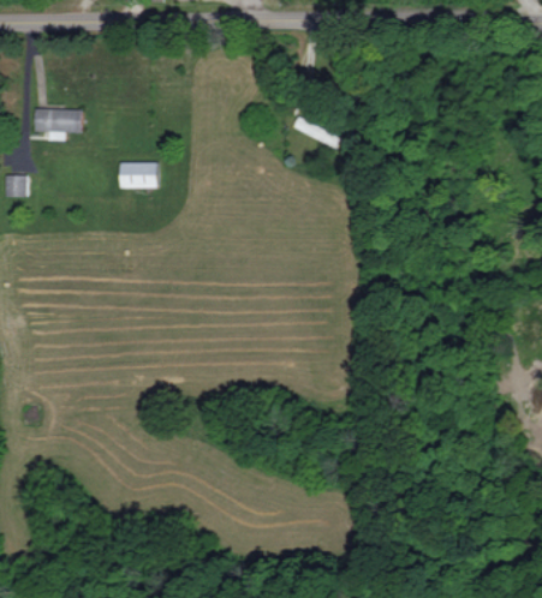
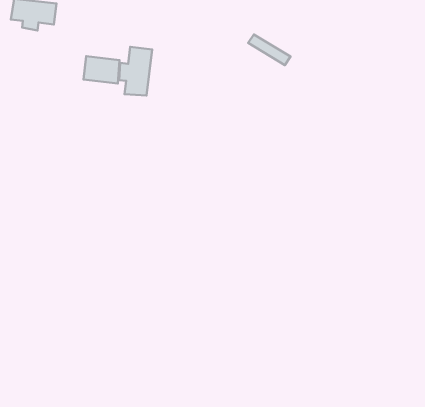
building: none -> [119,47,152,96]

